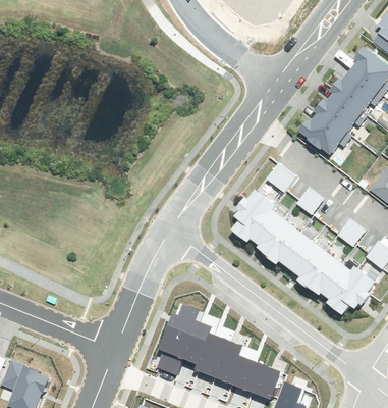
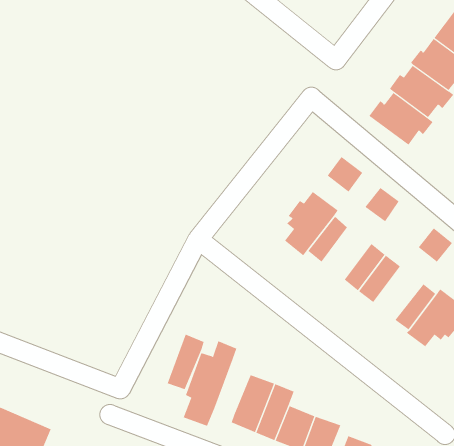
building: [261,218,301,261] -> none
building: [300,249,342,294] -> none
building: [179,321,209,365] -> [167,334,205,390]

